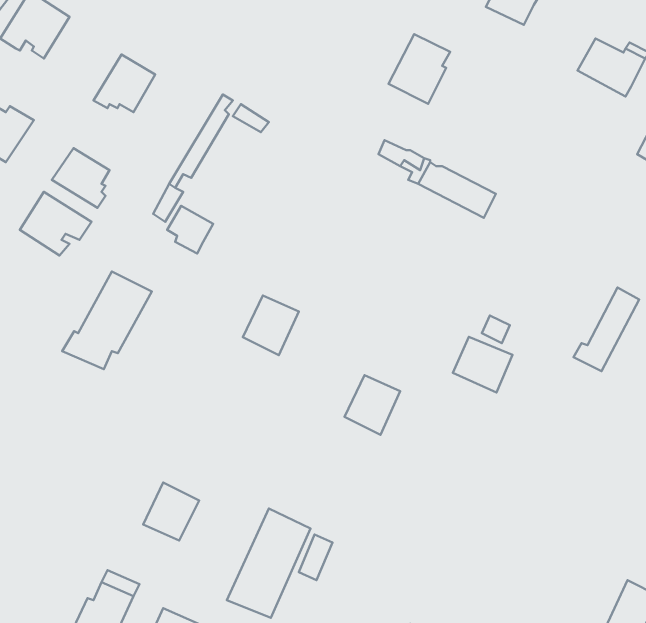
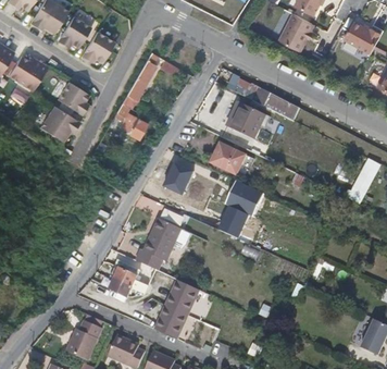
building: none -> [57,16,90,48]
building: [388,34,450,104] -> [279,13,313,51]
building: none -> [229,103,264,139]
building: none -> [212,143,246,173]
building: [62,272,152,369] -> [135,216,184,269]
building: [453,337,513,393] -> [229,184,262,214]

